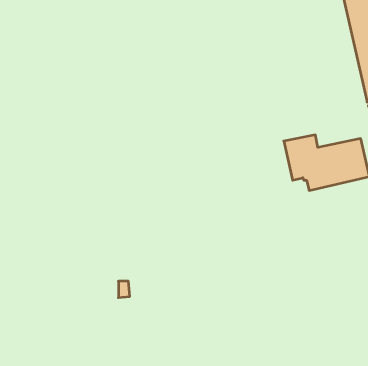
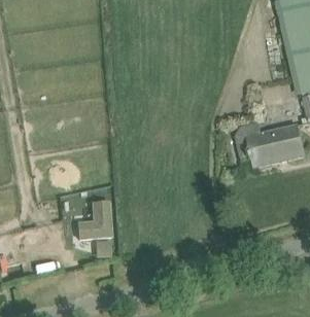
building: none -> [77,203,110,238]

